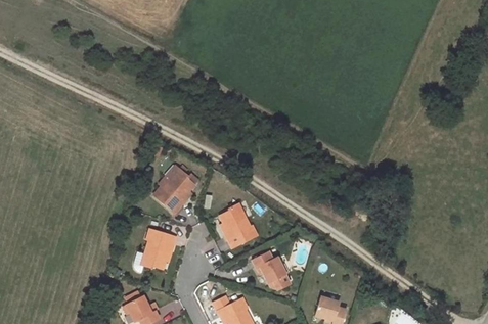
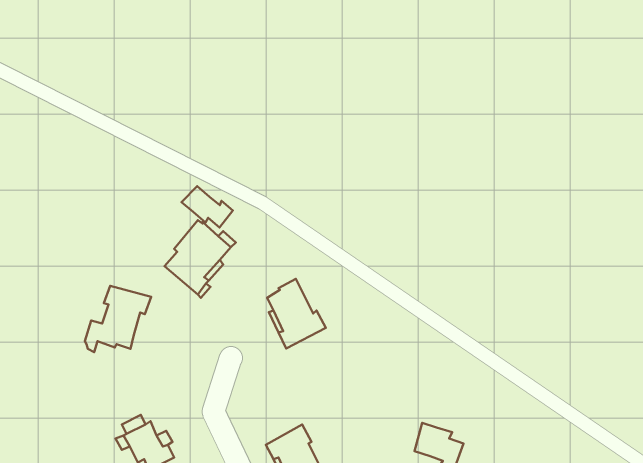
building: none -> [182,186,233,227]
building: [133,229,176,272] -> [85,286,151,352]
building: [251,251,289,289] -> none

